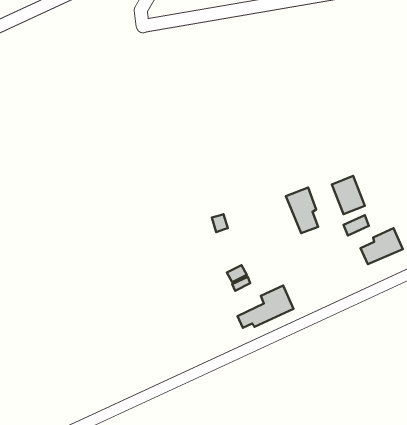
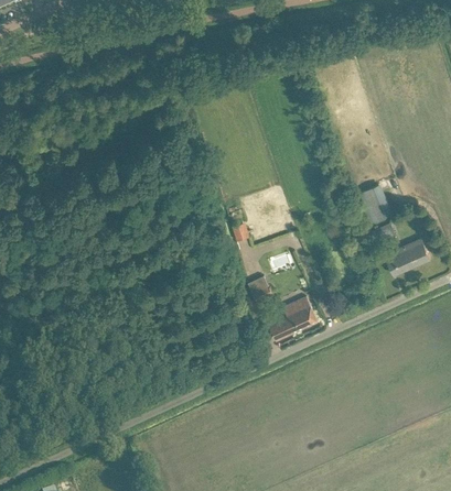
building: [286,187,318,233] -> none

